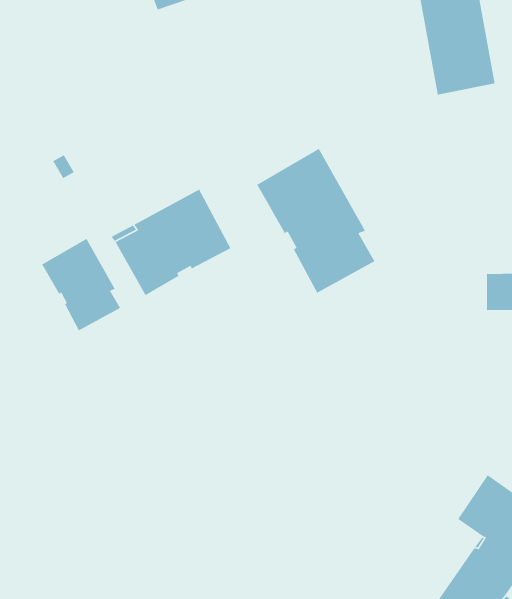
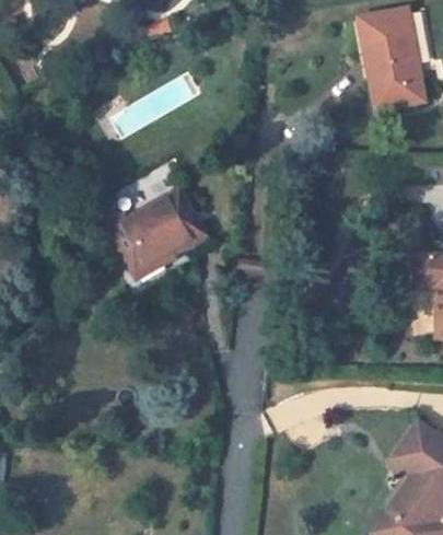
building: [256,148,375,294] -> none
building: [41,238,121,332] -> none

